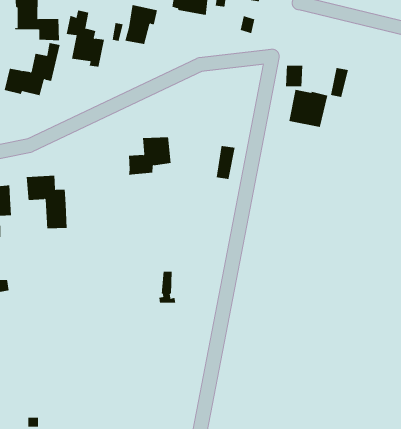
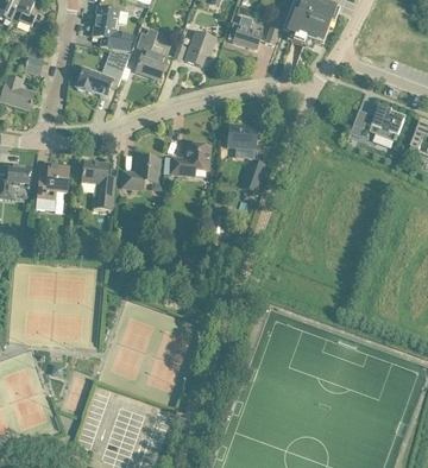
building: [289,89,328,128] -> [370,103,407,139]
building: none -> [227,122,257,147]
building: none -> [122,156,159,188]

